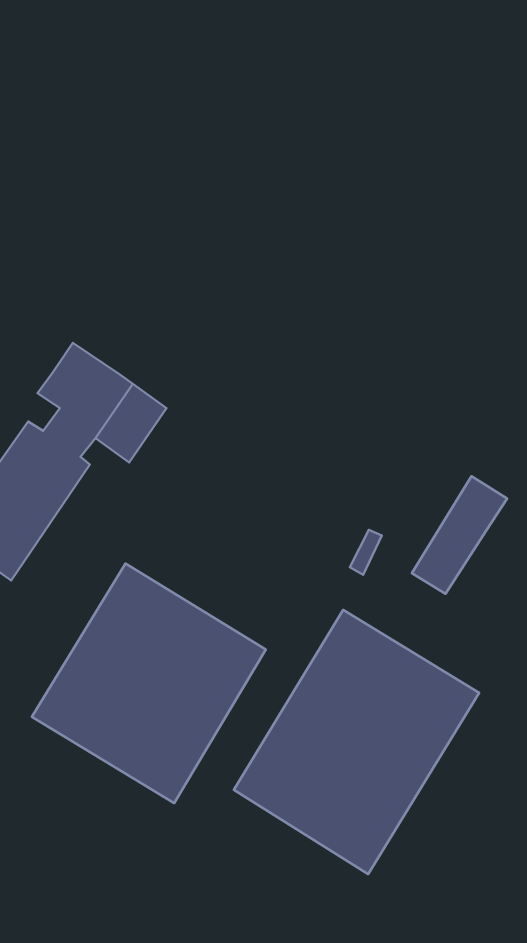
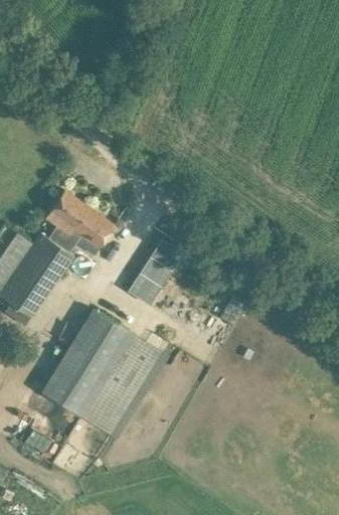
building: [412,476,507,594] -> [130,236,181,300]
building: [234,610,479,874] -> none

